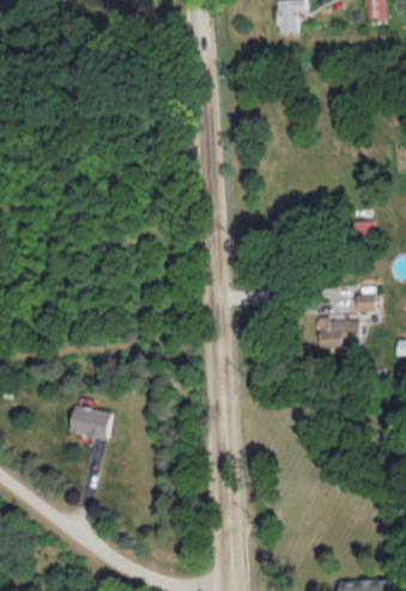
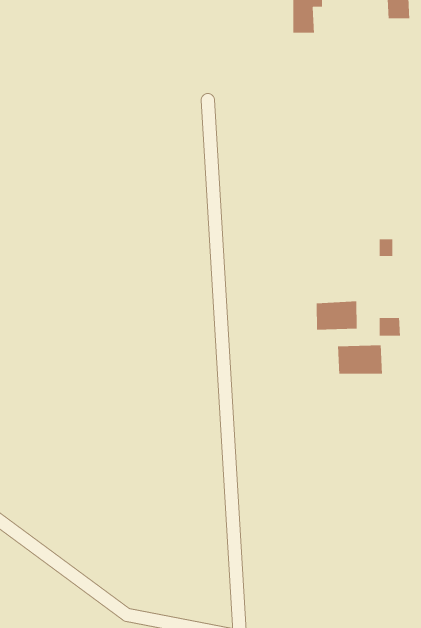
building: none -> [316,300,358,330]
building: [71,406,113,439] -> none

